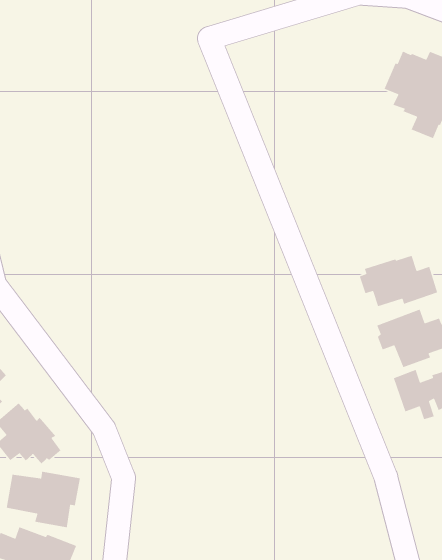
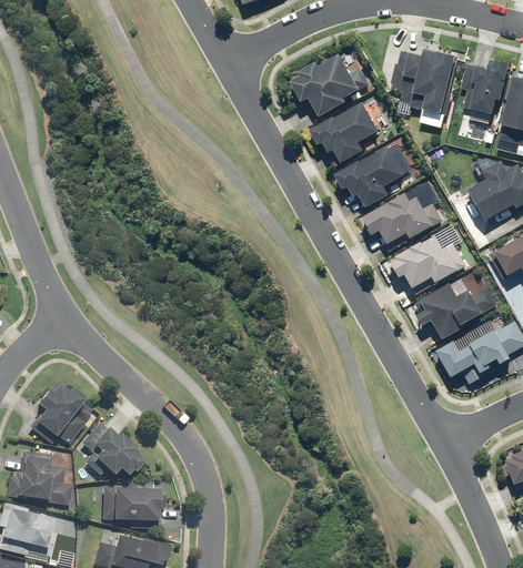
building: none -> [292,53,371,116]
building: none -> [311,102,381,163]
building: none -> [336,145,406,206]
building: none -> [362,192,444,244]

